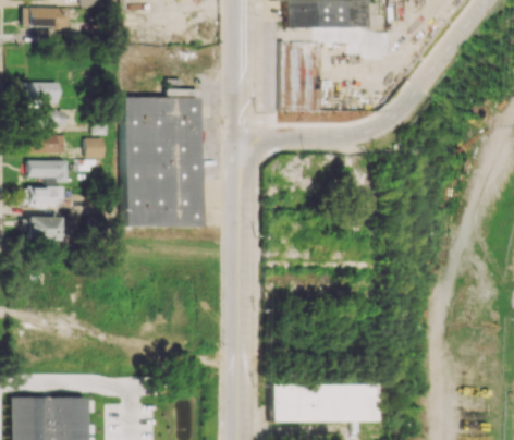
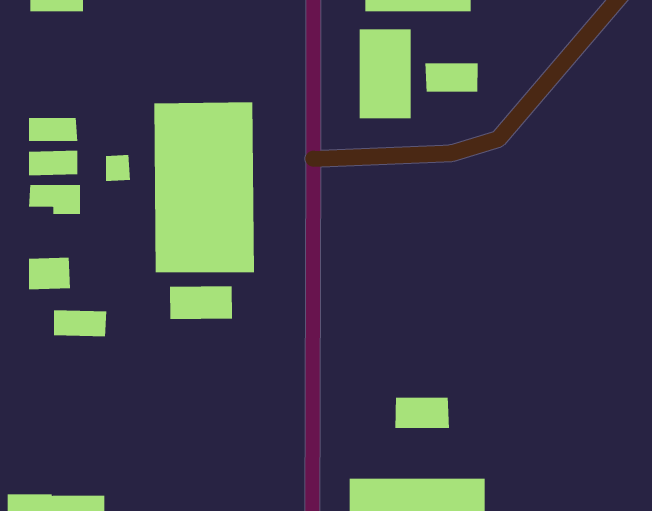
building: none -> [425,63,478,92]
building: [23,82,61,103] -> none
building: [24,186,65,207] -> [53,310,107,337]
building: none -> [170,286,233,320]
building: none -> [395,397,449,429]

